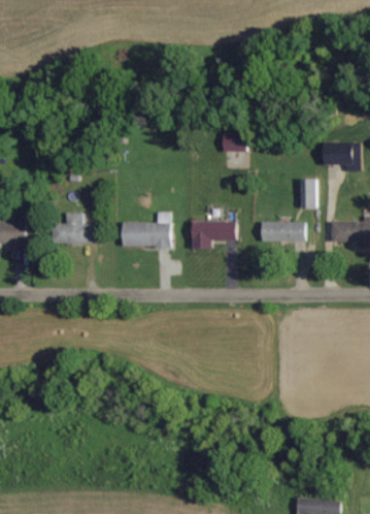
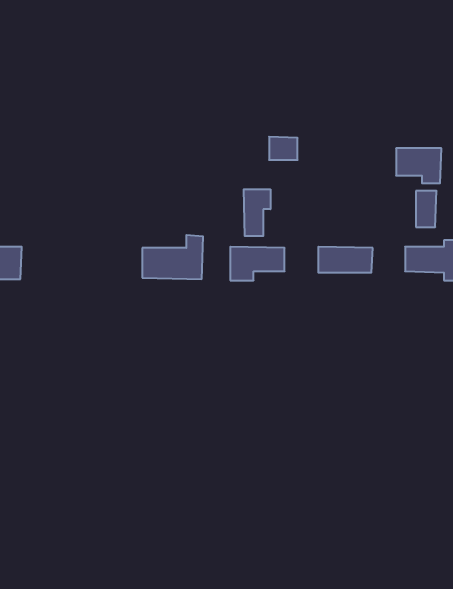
building: none -> [244,189,270,236]
building: [300,179,316,207] -> [416,191,437,227]
building: [54,213,95,244] -> none

